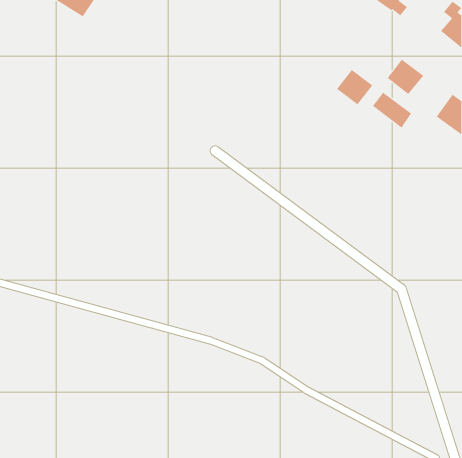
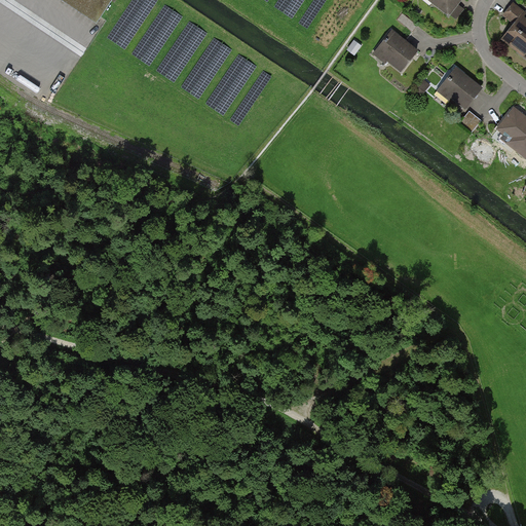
building: [336,69,373,105] -> [377,30,419,71]
building: [372,92,412,128] -> none

